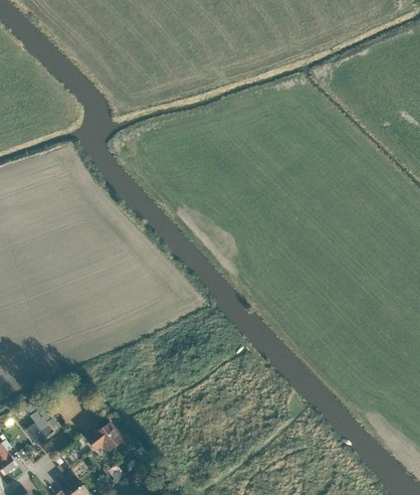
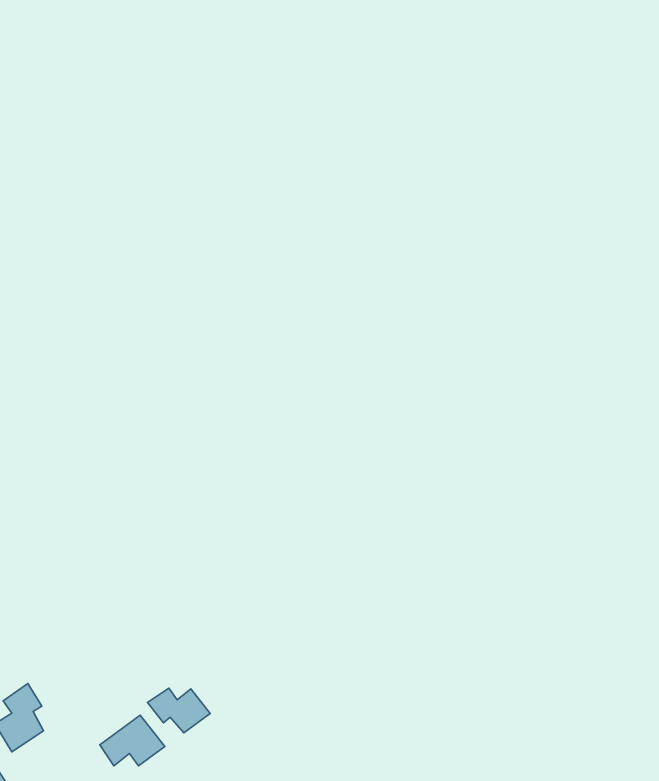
building: none -> [148,688,210,733]

